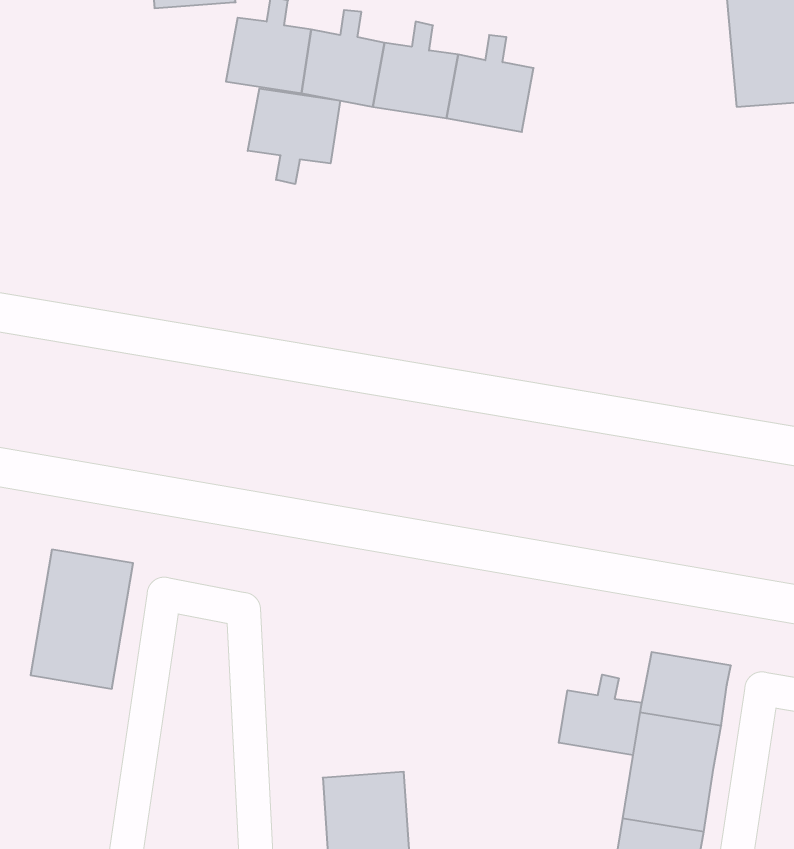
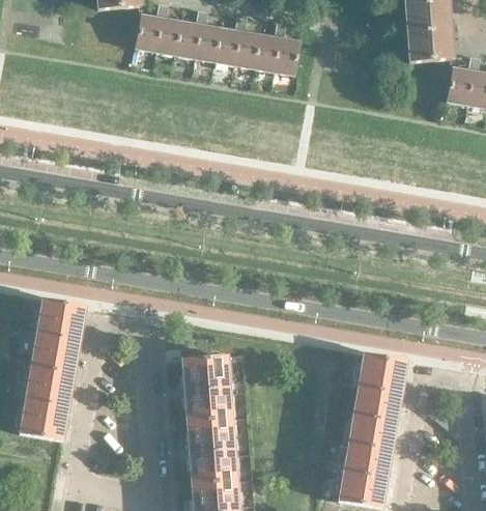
building: [248,89,340,184] -> none
building: none -> [182,354,231,421]
building: [559,675,641,755] -> none
building: none -> [20,366,75,439]

